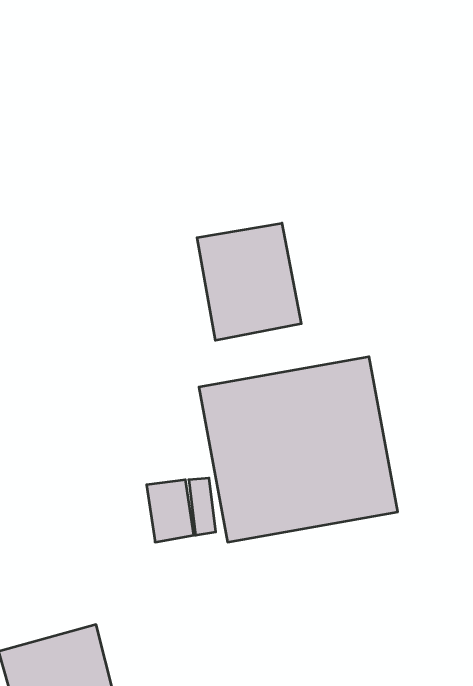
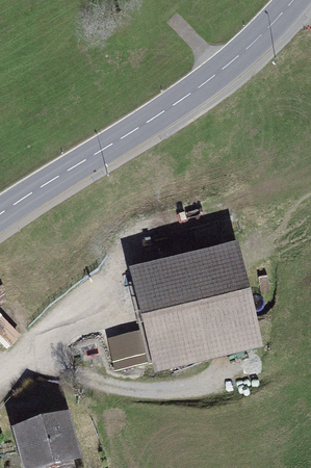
building: [197,223,301,340] -> none

